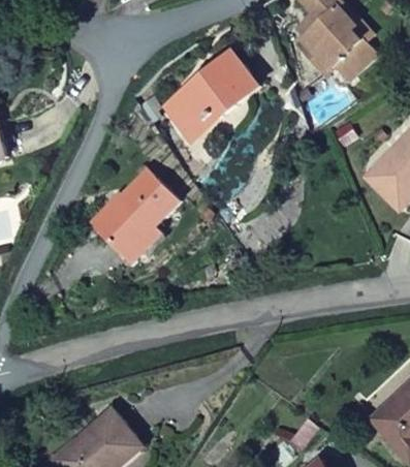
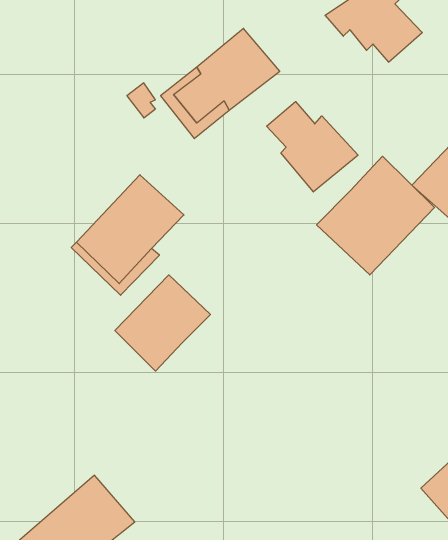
building: none -> [267,102,358,192]
building: none -> [317,156,434,275]
building: none -> [115,275,210,371]

